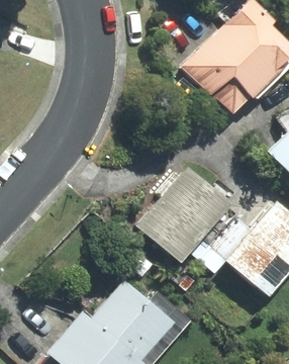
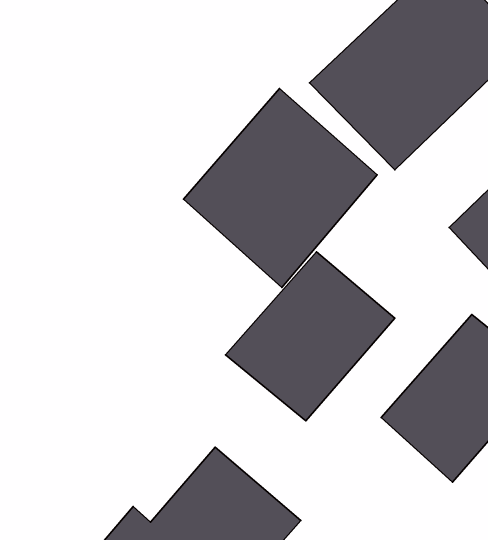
building: none -> [184,88,377,288]

